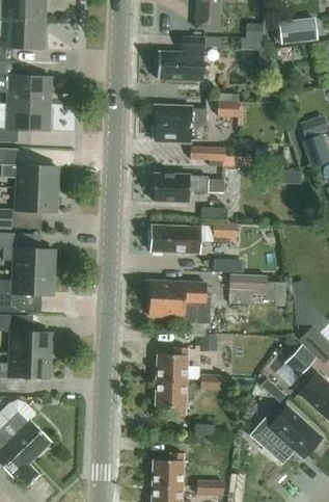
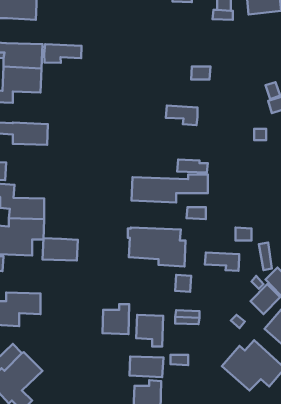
building: [157,36,205,81] -> none
building: none -> [44,44,81,63]
building: [153,106,208,143] -> none
building: [150,173,225,202] -> none
building: [18,188,57,212] -> none
building: [229,274,268,295] -> [205,252,239,271]
building: [11,331,51,355] -> [42,238,78,260]
building: [158,347,188,380] -> [102,304,129,334]
building: none -> [129,356,163,377]

